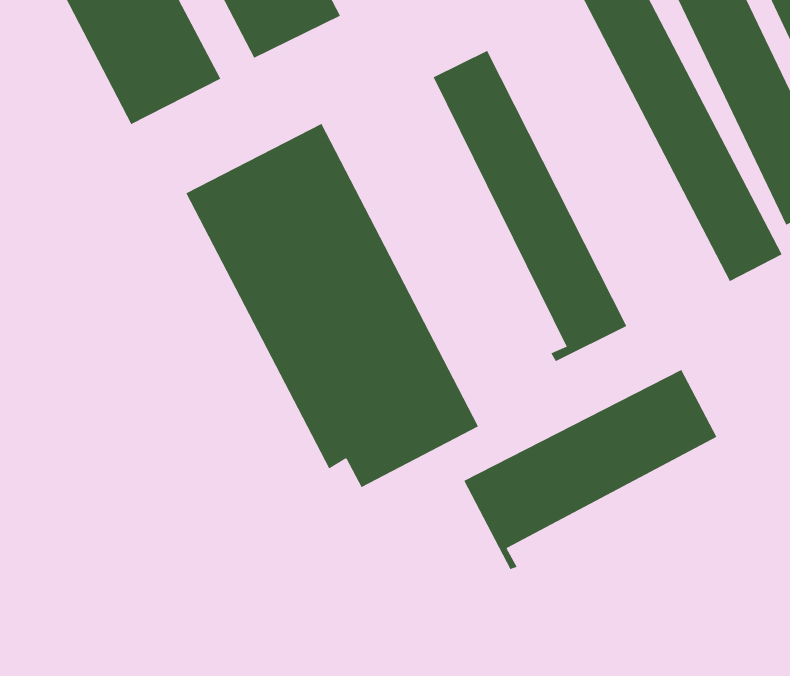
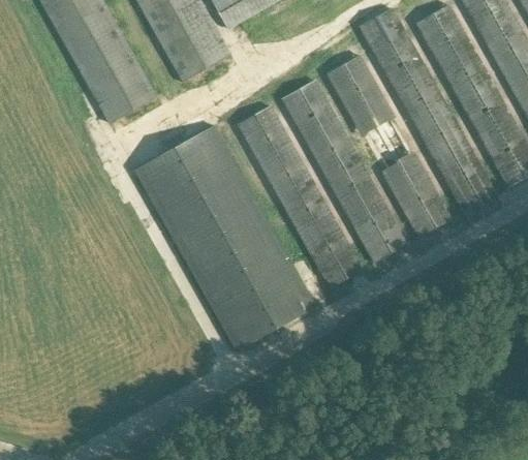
building: none -> [330,53,451,238]
building: none -> [240,103,362,289]
building: [463,369,717,570] -> none

